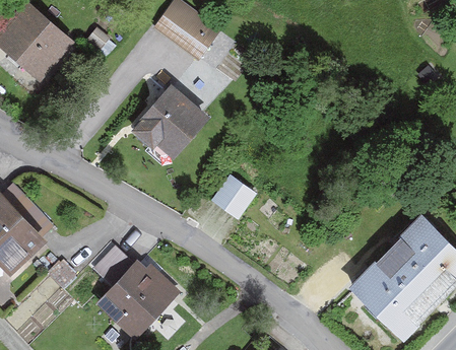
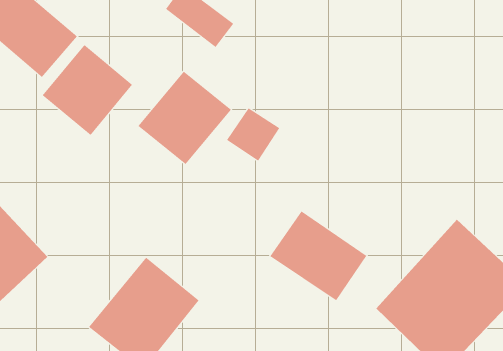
building: none -> [42,44,133,136]
building: [210,172,258,220] -> [226,108,280,162]
building: none -> [270,211,367,301]

